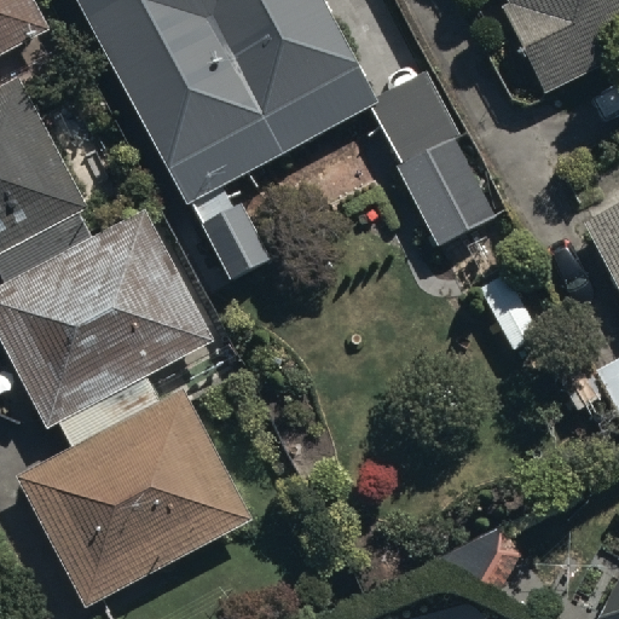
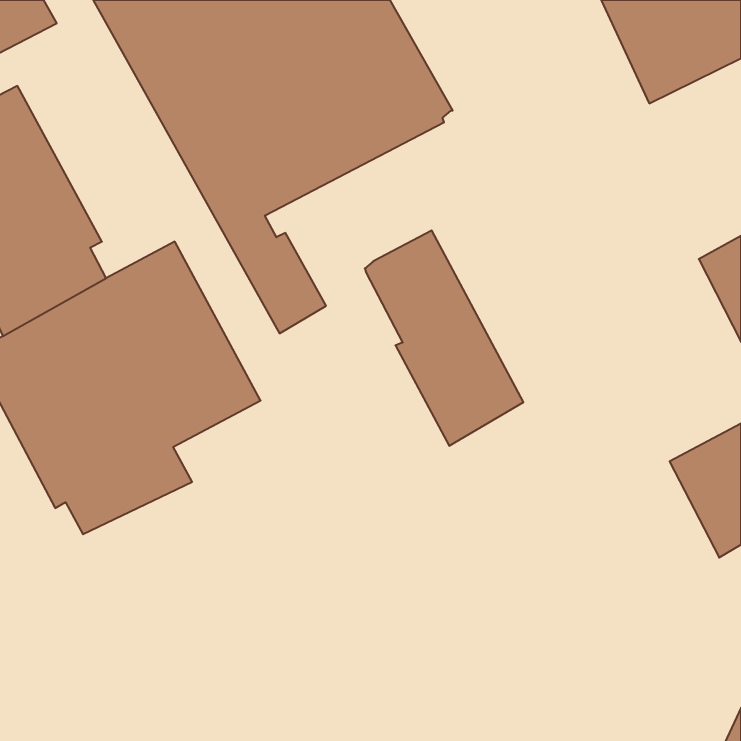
building: [368,69,499,248] -> [365,230,523,446]
building: [16,389,254,607] -> none

